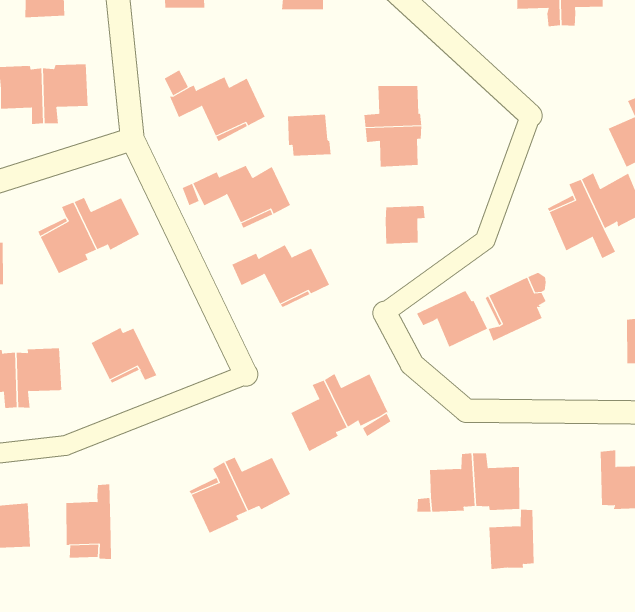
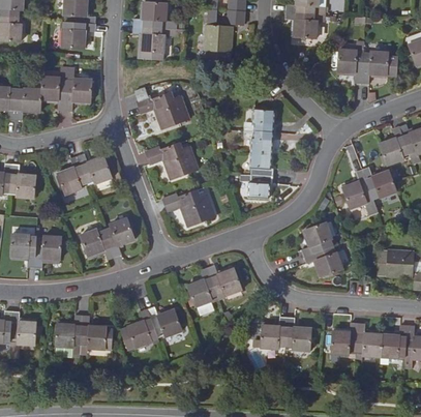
building: [287,114,332,156] -> [249,151,273,175]
building: [416,290,488,347] -> [304,244,343,275]
building: none -> [104,216,136,256]
building: none -> [81,314,107,349]
building: [488,509,535,569] -> [331,321,358,354]

